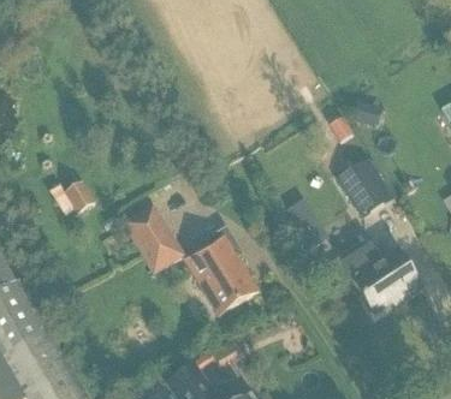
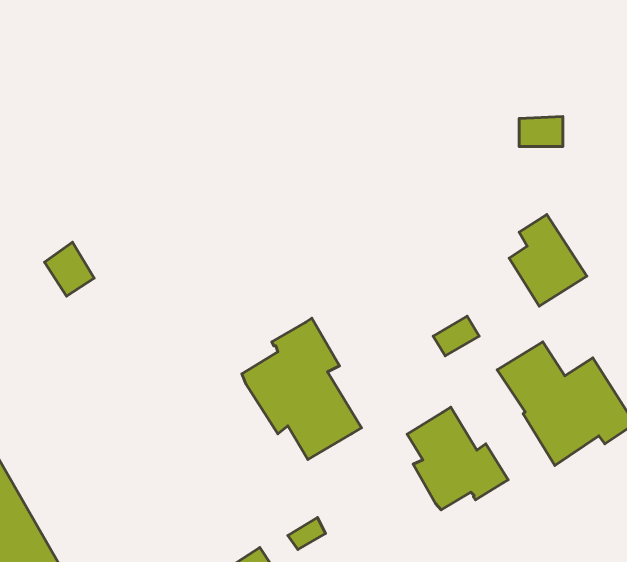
building: [120,202,184,274] -> none
building: none -> [407,407,508,510]

